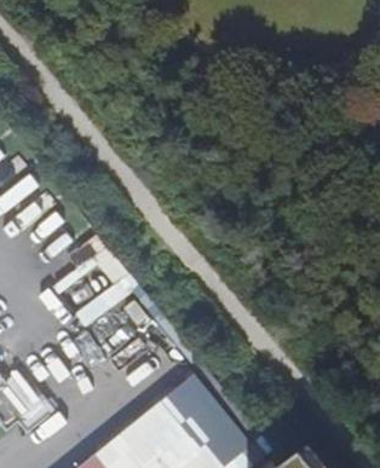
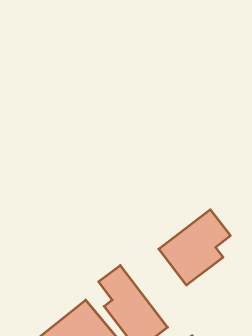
building: none -> [159,210,230,285]

